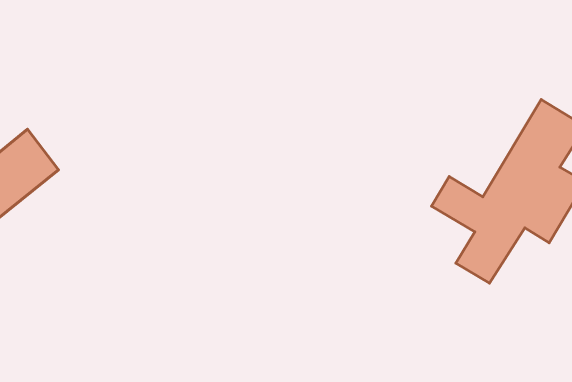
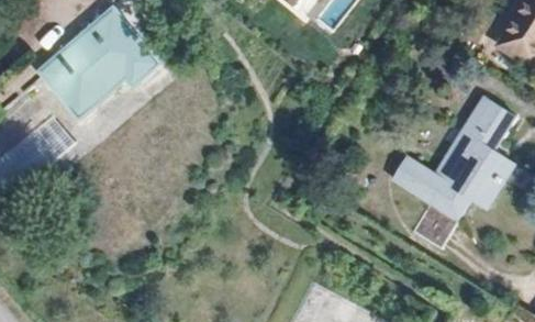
building: none -> [48,16,163,116]

